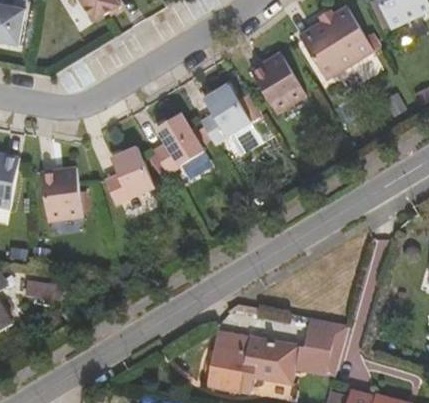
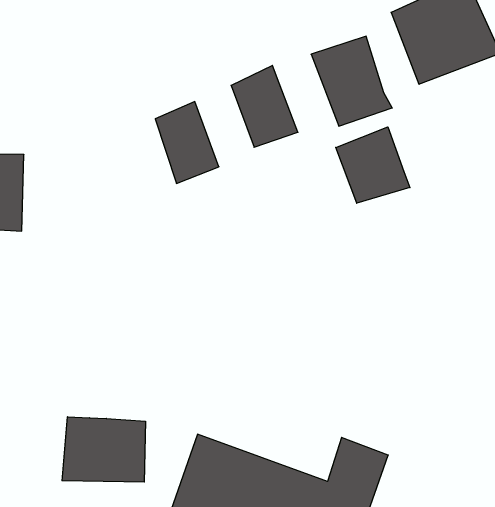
building: none -> [336,127,410,203]
building: [101,152,152,208] -> none
building: none -> [62,417,145,482]

